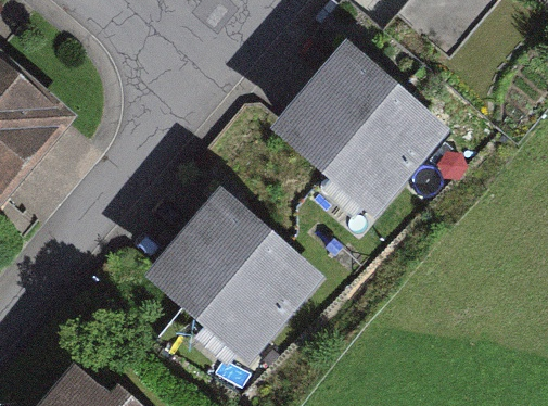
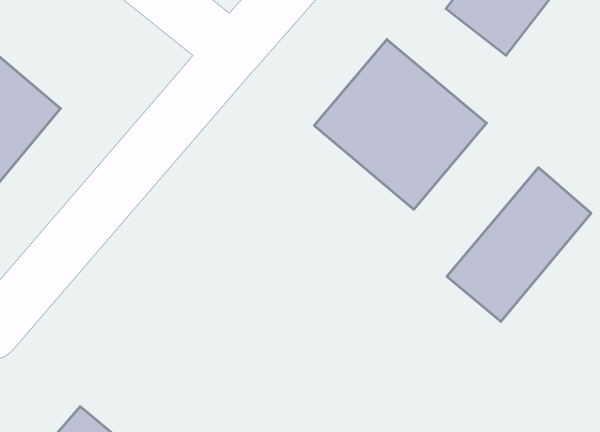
building: none -> [447,168,591,322]
building: [163,198,304,337] -> none

